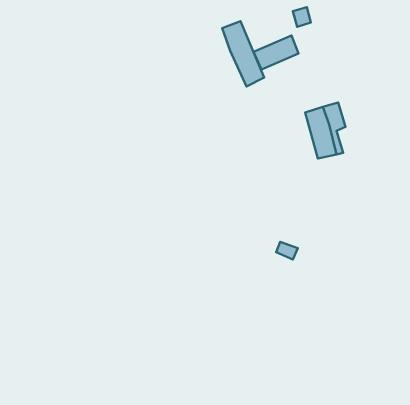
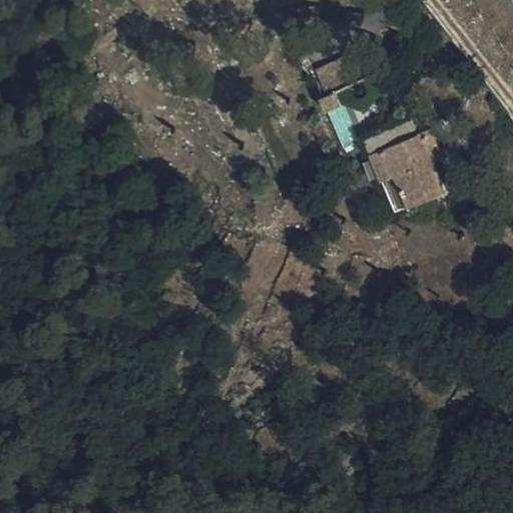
building: [222,21,264,87] -> none

